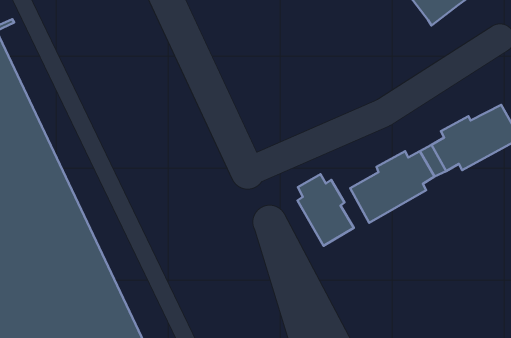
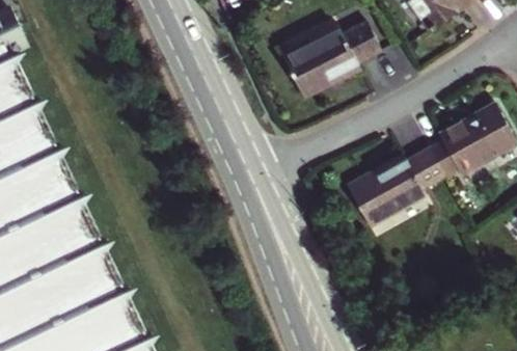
building: none -> [282,21,382,90]
building: [297,174,354,246] -> none

